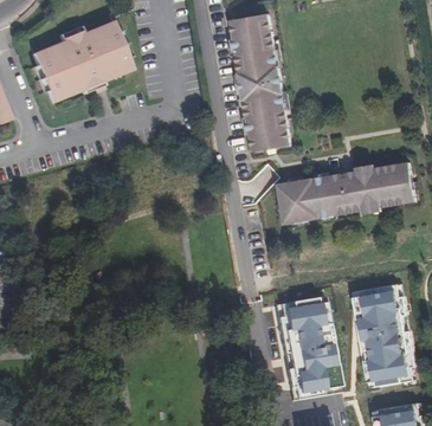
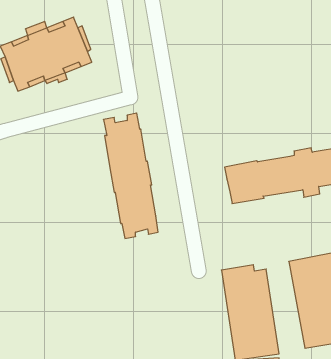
building: [232,15,292,154] -> [103,113,158,238]

